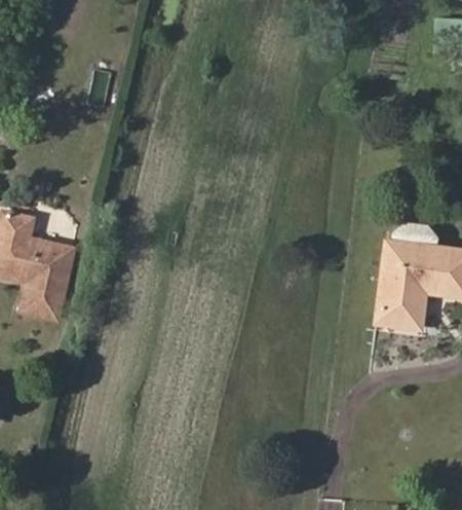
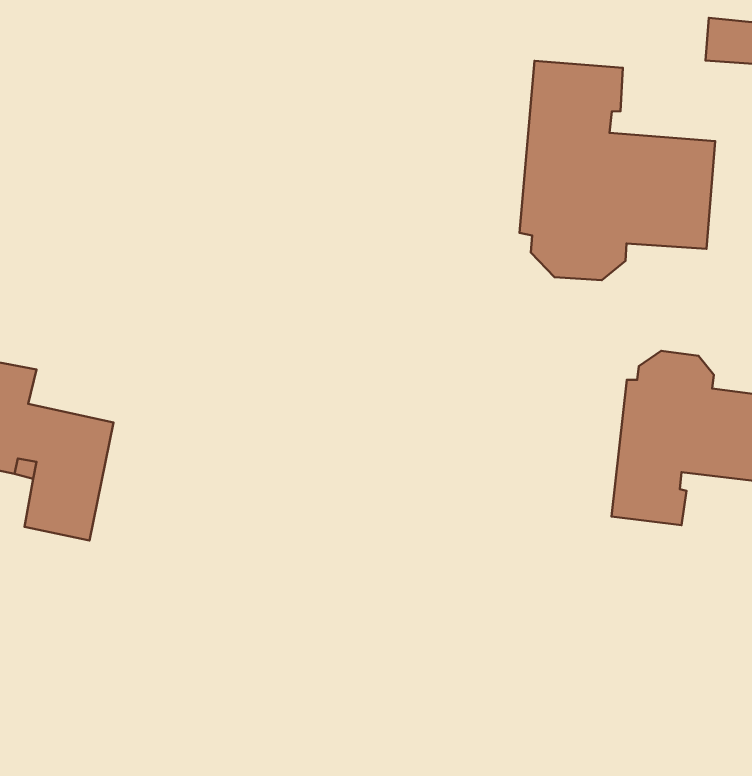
building: none -> [520,61,715,280]

